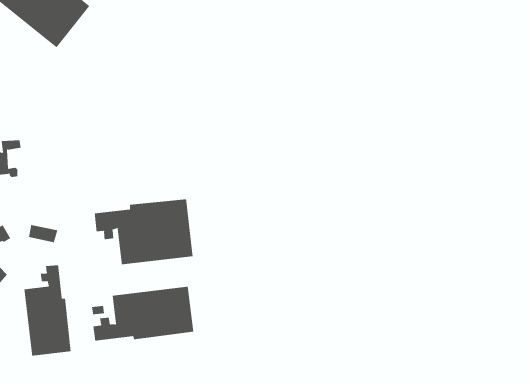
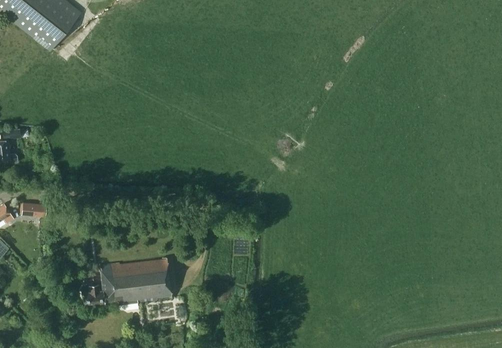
building: [94,198,193,265] -> none
building: [24,265,71,356] -> none

